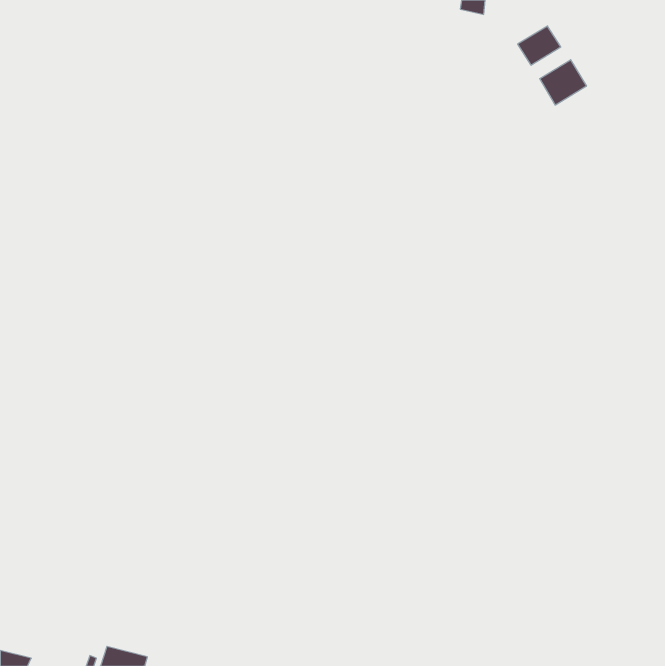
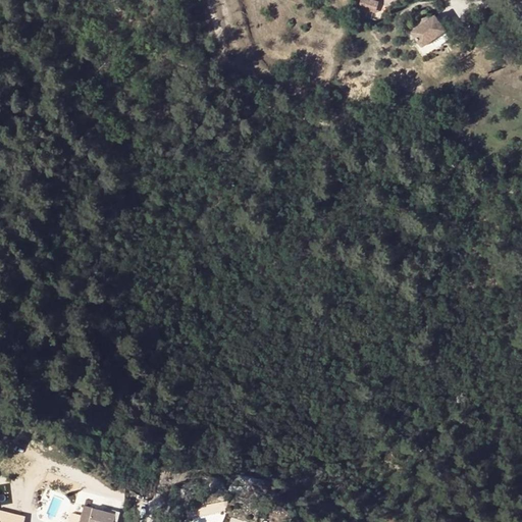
building: [540,60,586,105] -> none

